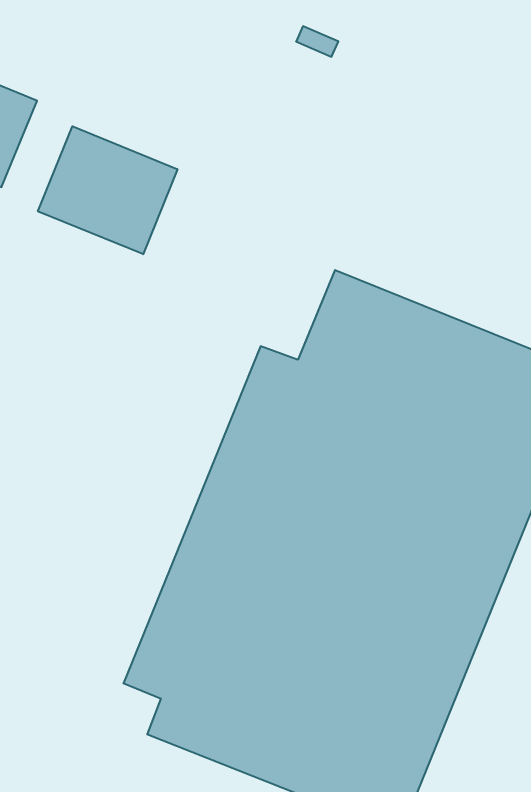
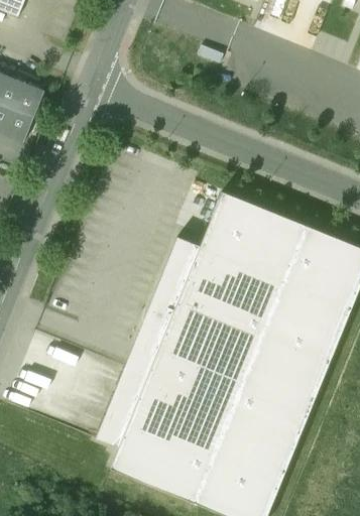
building: [38,126,177,254] -> none

